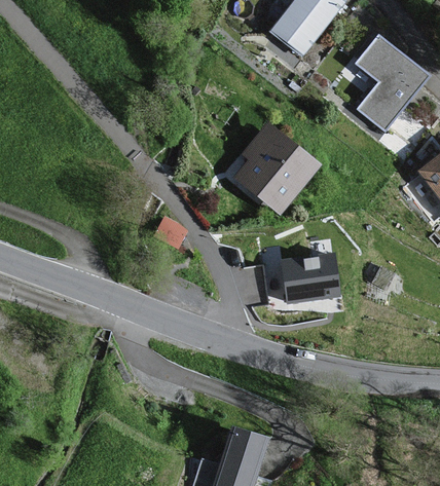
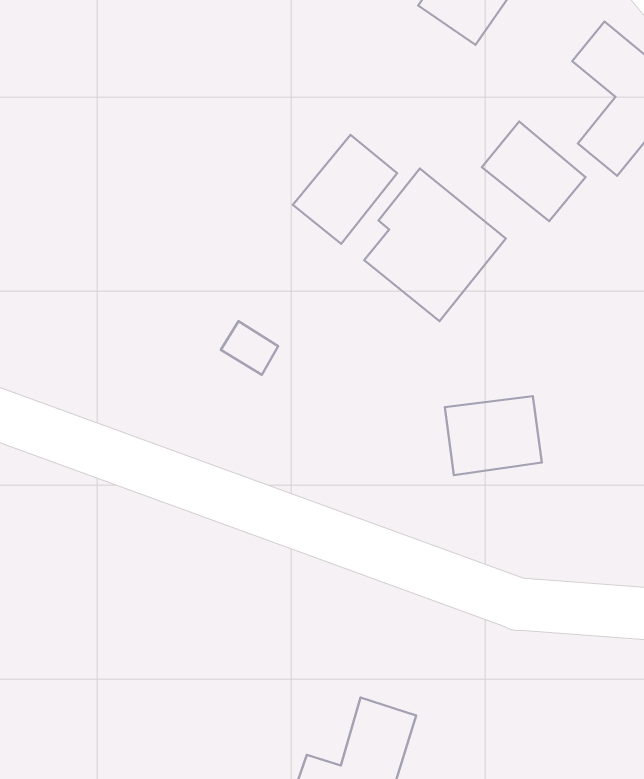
building: none -> [482,122,586,221]
building: none -> [293,135,397,244]

